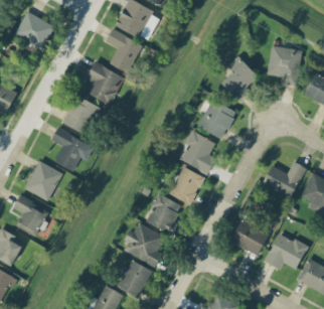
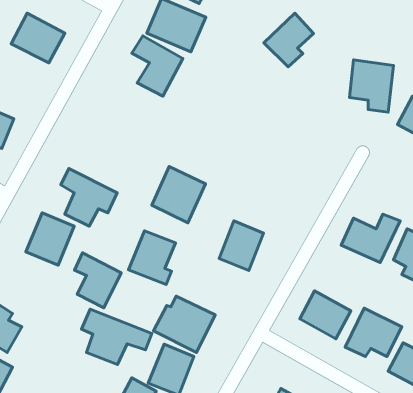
building: [86,61,125,106] -> none
building: [220,61,258,102] -> [264,13,314,67]
building: [60,95,100,135] -> none
building: [198,99,236,139] -> none
building: [179,131,219,173] -> [152,166,205,223]
building: [145,194,180,235] -> [128,231,175,285]
building: [13,195,48,237] -> [74,253,121,308]
building: none -> [81,309,152,365]

